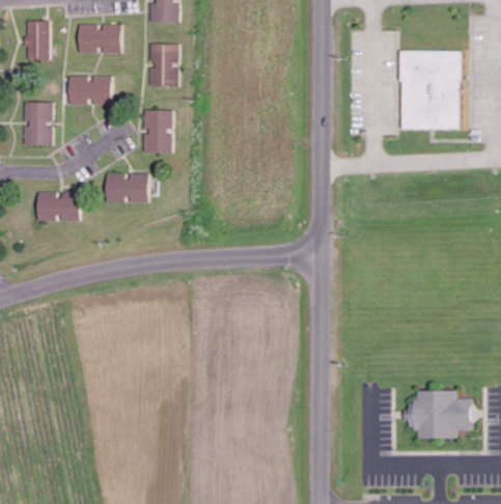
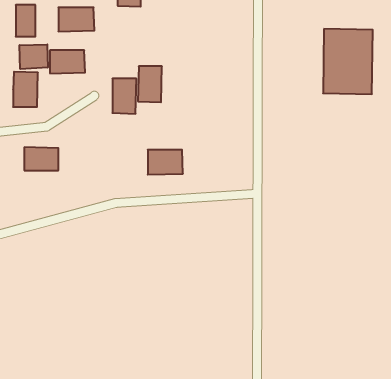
building: [149,44,178,87] -> [138,66,162,102]
building: none -> [20,44,48,69]
building: [106,173,148,203] -> [148,150,183,175]
building: [408,390,472,439] -> none

